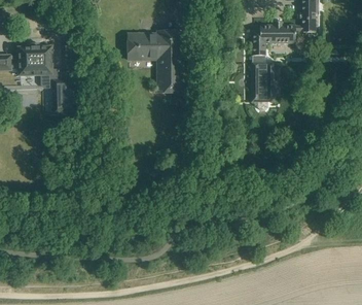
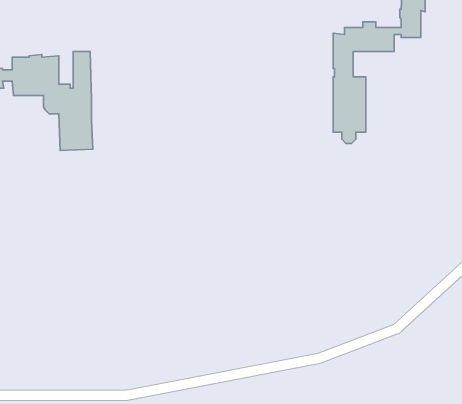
building: [128,30,183,91] -> none

